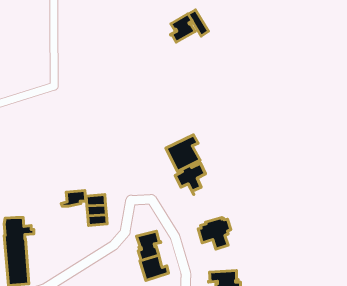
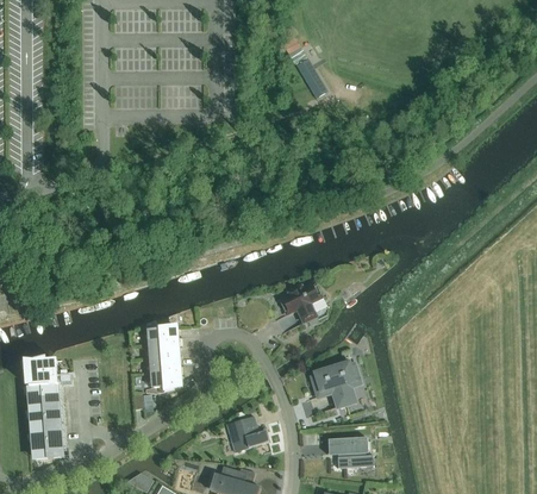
building: [170,14,195,42] -> none
building: [166,135,200,171] -> none
building: [61,190,86,206] -> [144,369,180,392]
building: [137,231,161,260] -> none

